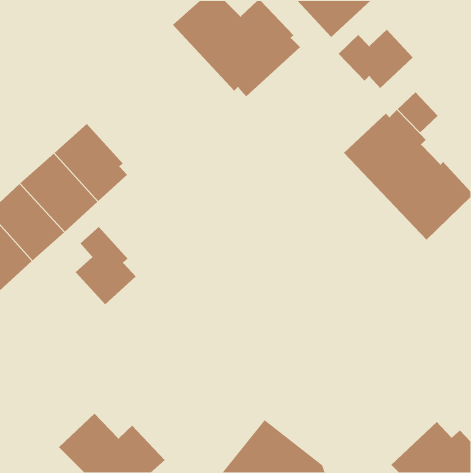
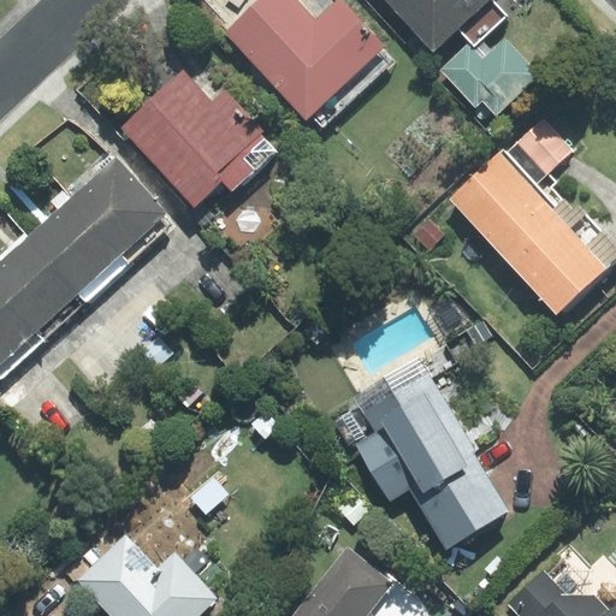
building: none -> [119,70,272,205]
building: [75,226,137,305] -> none
building: none -> [354,346,508,550]

